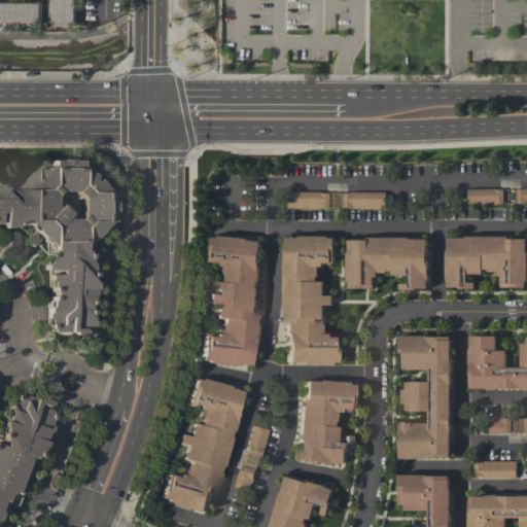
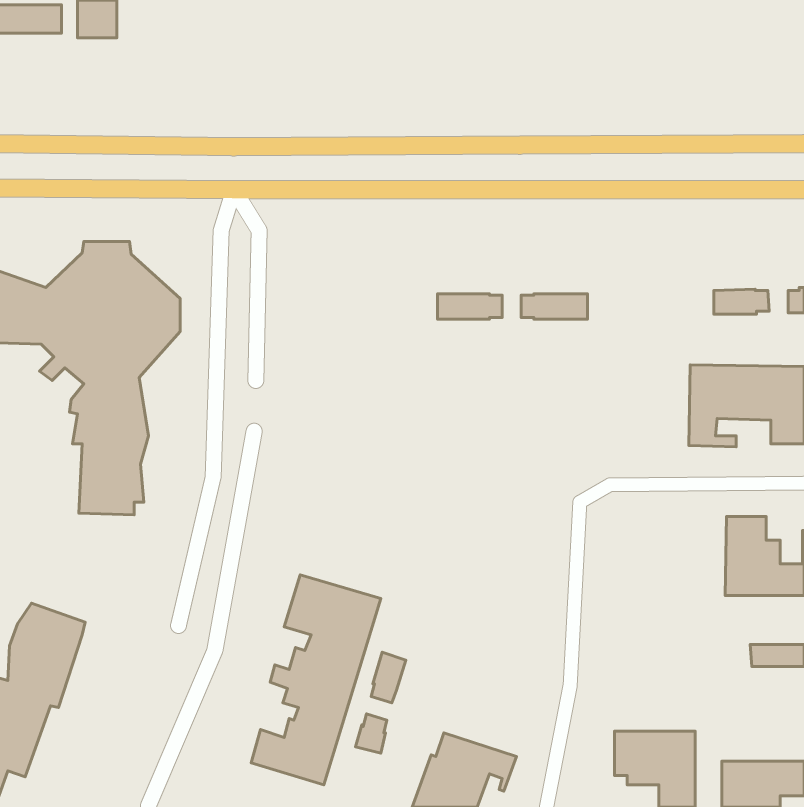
building: [200,239,265,367] -> none
building: [288,239,338,363] -> none
building: [345,240,425,290] -> none
building: [400,337,453,456] -> none
building: [294,381,350,465] -> none
building: [473,464,516,481] -> none

